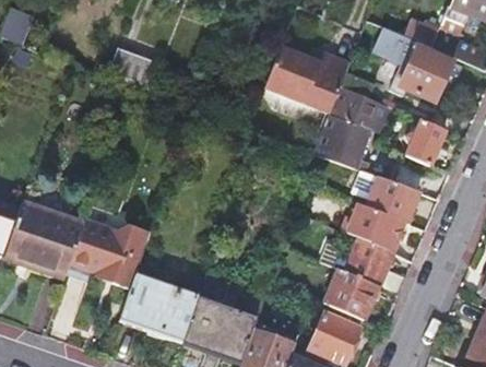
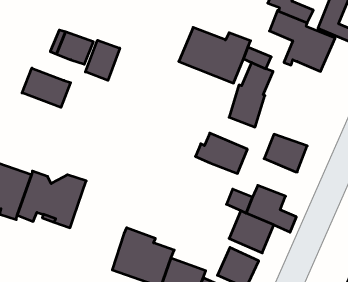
building: none -> [85,40,120,80]
building: none -> [22,68,71,107]
building: [406,119,446,165] -> none
building: [341,202,404,251] -> [195,133,247,173]
building: [119,276,195,343] -> none

